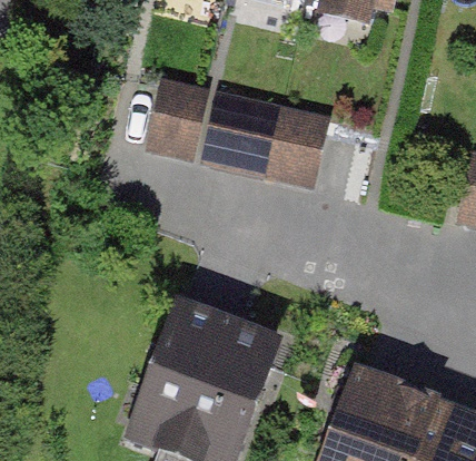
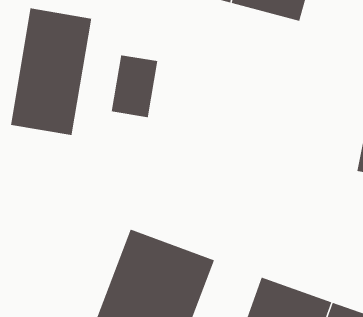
building: none -> [10,8,92,136]
building: [207,91,335,187] -> none

